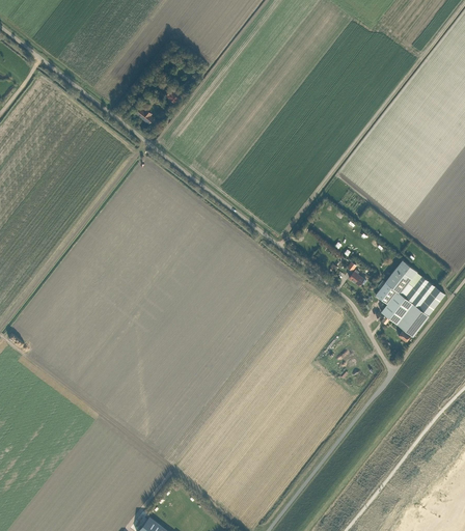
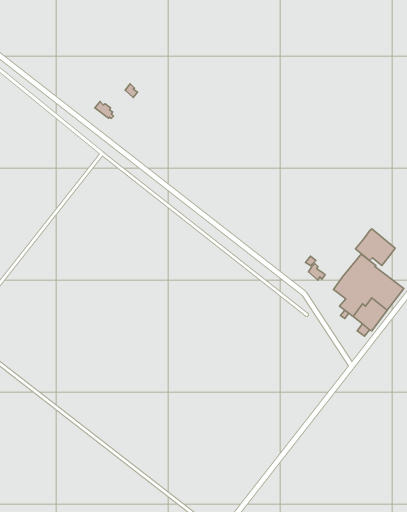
building: none -> [356,229,395,265]

